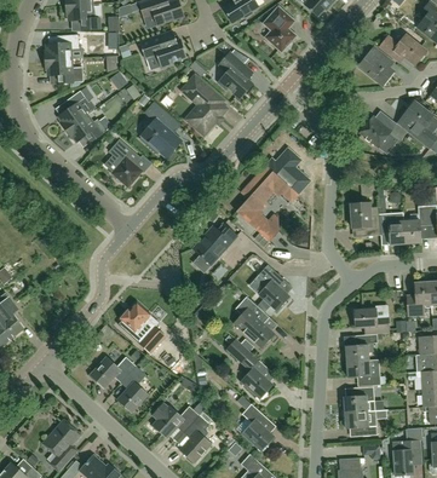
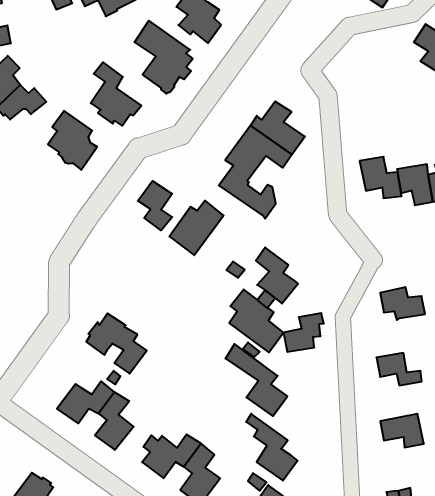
building: [360,116,407,148] -> none
building: none -> [138,181,172,230]
building: [345,334,378,362] -> [284,313,324,352]
building: [343,386,374,413] -> none

